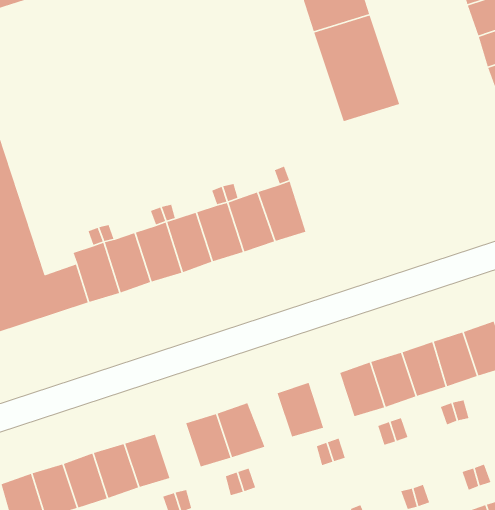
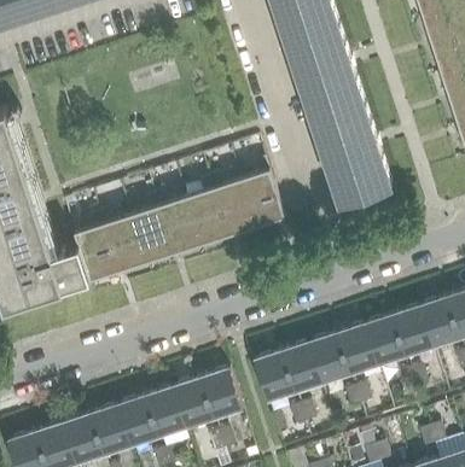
building: none -> [312,105,389,200]
building: none -> [281,343,321,392]
building: none -> [145,387,185,437]

